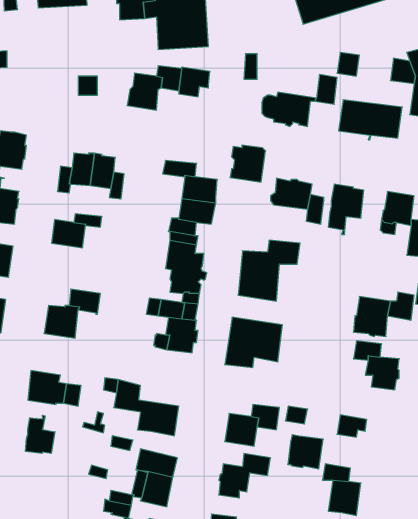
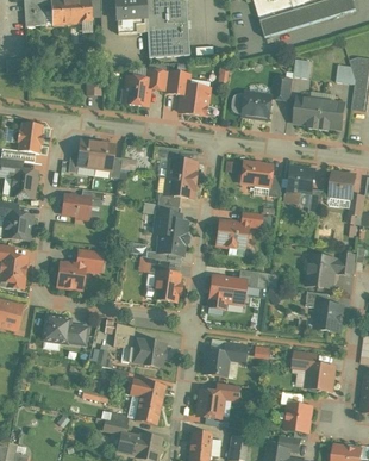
building: [230,145,266,182] -> [180,85,208,114]
building: [25,415,55,453] -> none
building: [288,435,323,469] -> [306,362,334,390]

